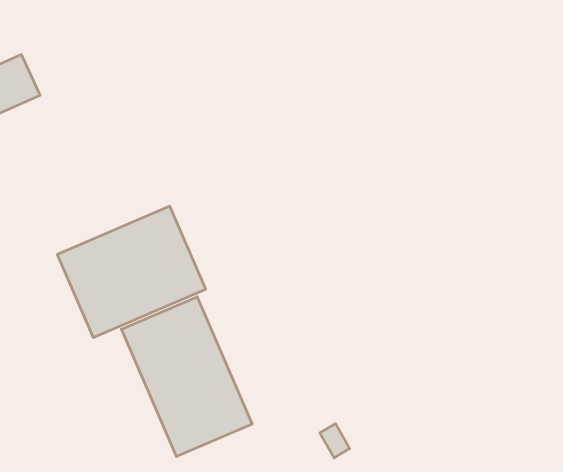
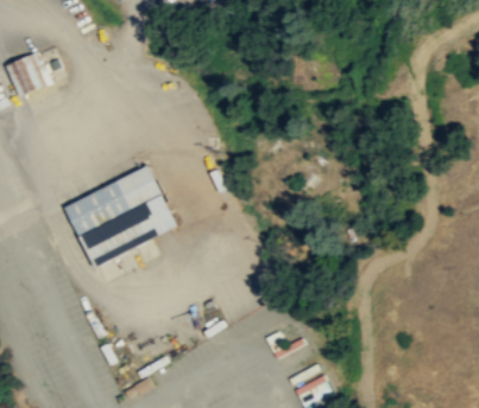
building: [121,297,252,457] -> none

